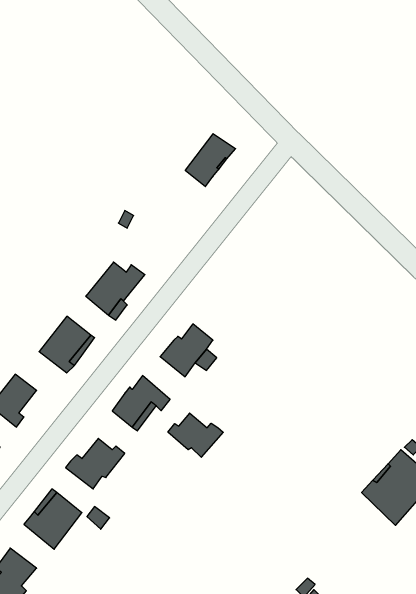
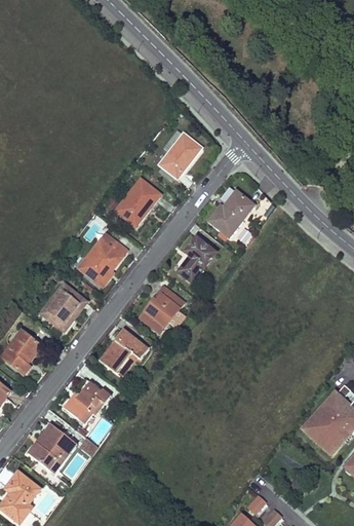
building: none -> [116,178,160,224]
building: none -> [209,192,253,235]
building: none -> [179,237,215,281]
building: [168,413,223,457] -> none

